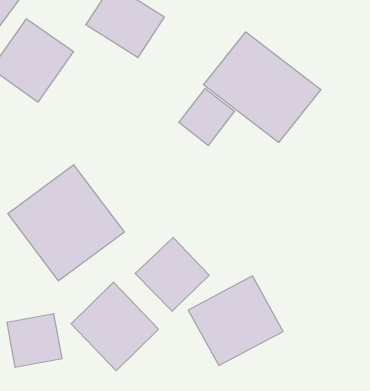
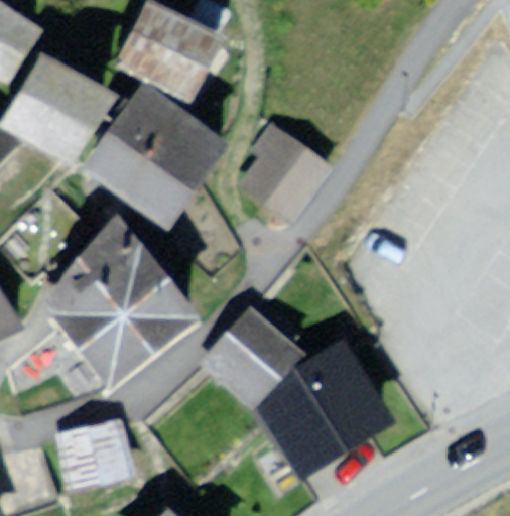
building: [204,32,321,142] -> none
building: none -> [90,88,217,212]
building: [71,282,158,371] -> none

